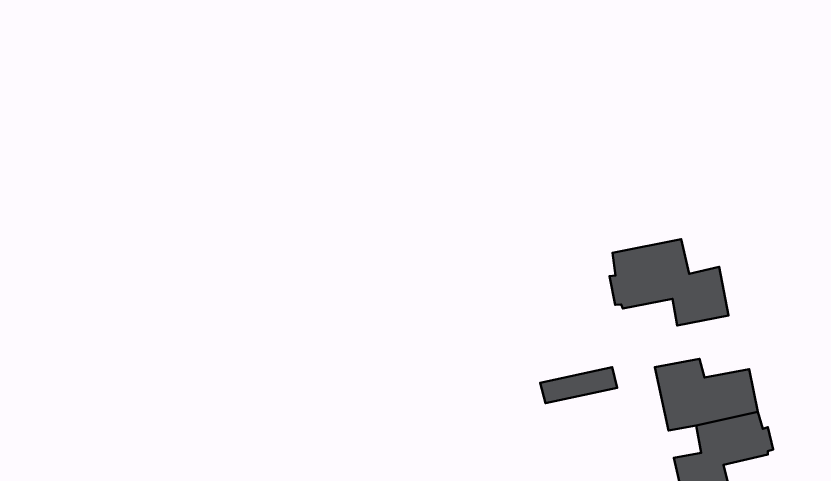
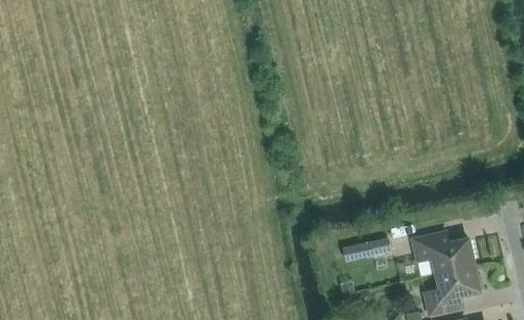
building: [610,239,729,326] -> none

